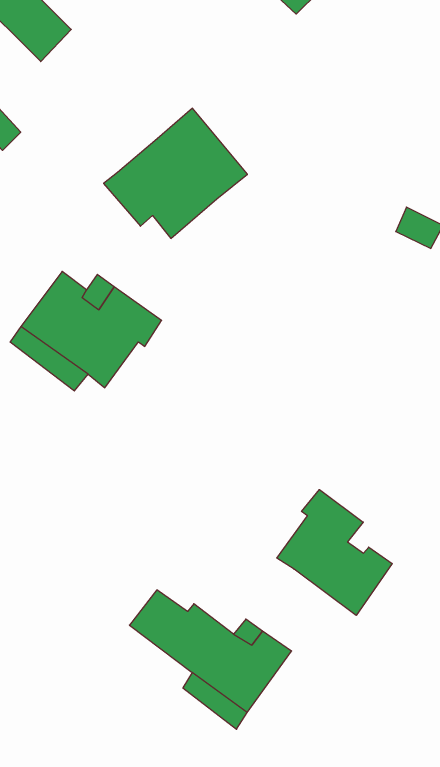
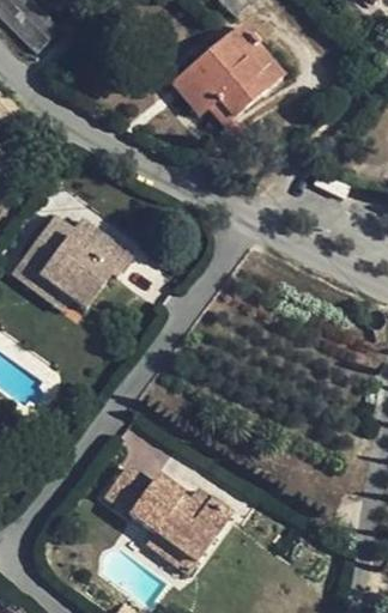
building: [104,108,247,238] -> [171,23,284,125]
building: [277,490,392,615] -> none

